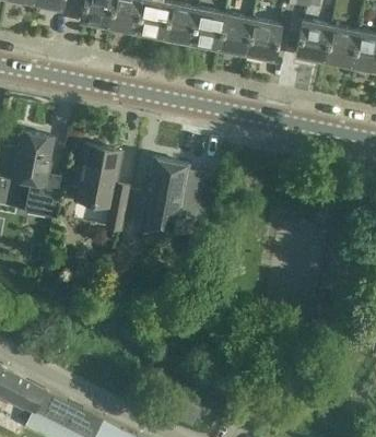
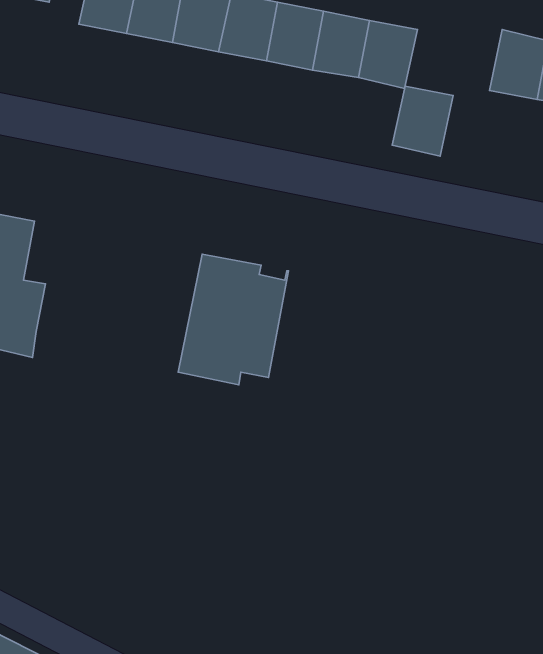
building: [296,20,332,61] -> [392,86,453,156]
building: [72,145,130,231] -> none

